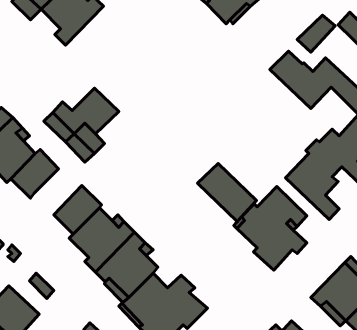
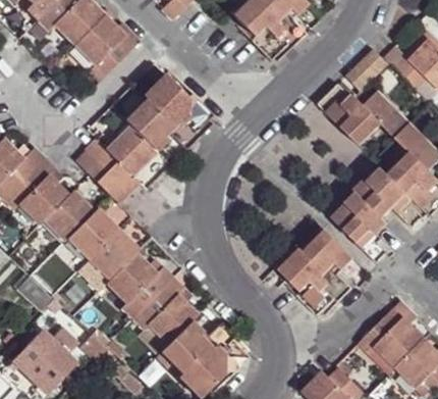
building: none -> [126,72,212,149]
building: [197,163,256,222] -> none
building: none -> [67,205,117,257]

